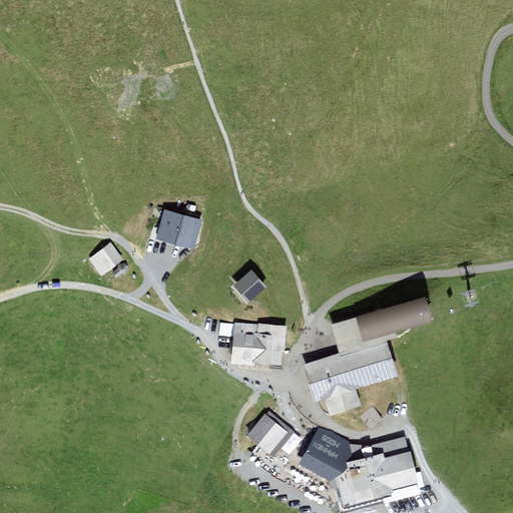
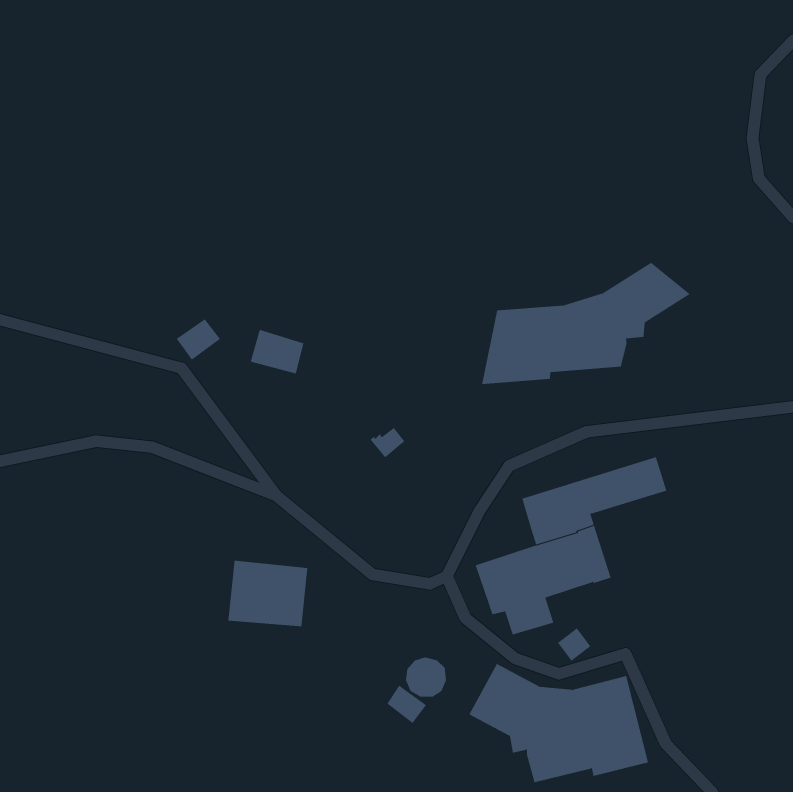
building: none -> [482,262,691,385]
building: [91,244,120,272] -> [176,319,221,361]
building: [233,322,286,365] -> [228,560,308,627]

